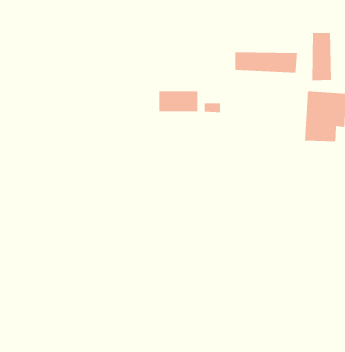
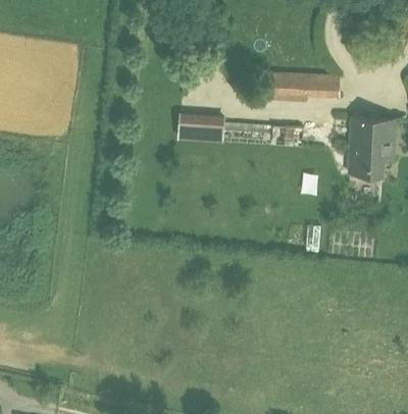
building: [311,32,332,81] -> none

